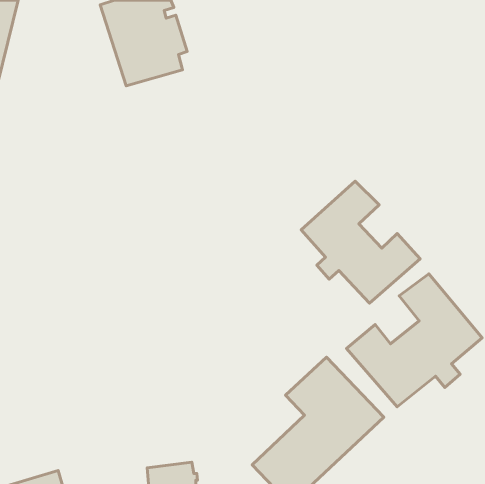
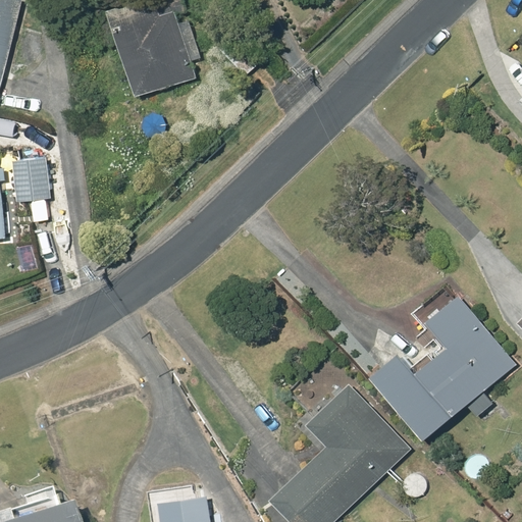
building: none -> [11,158,49,202]
building: [301,181,420,303] -> none

